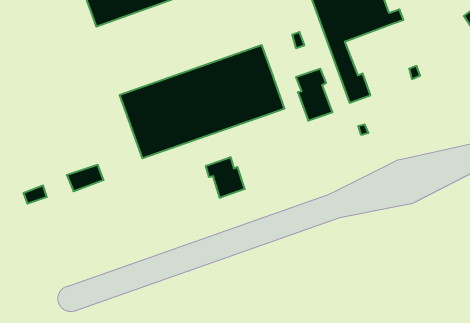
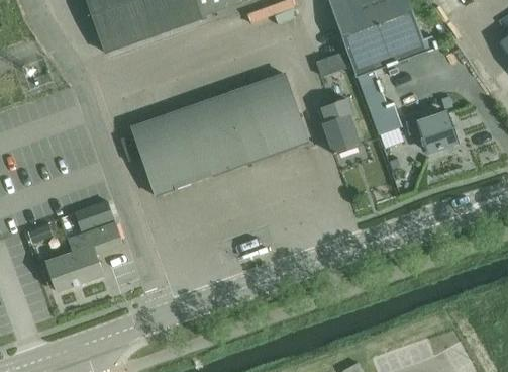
building: none -> [405,113,455,153]
building: [206,157,245,198] -> none
building: none -> [47,222,123,291]

